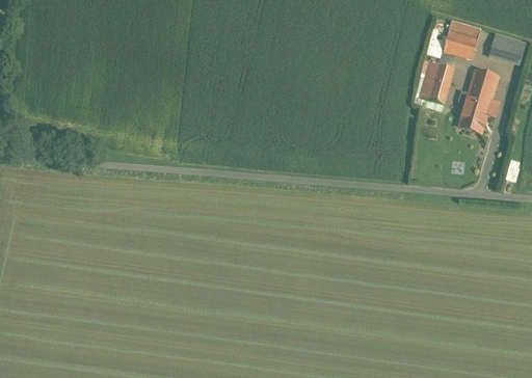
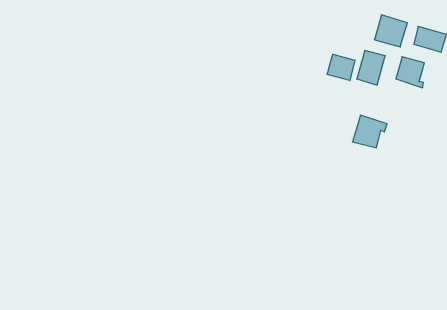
building: none -> [327,54,355,81]
building: [457,95,498,133] -> [352,115,387,148]

